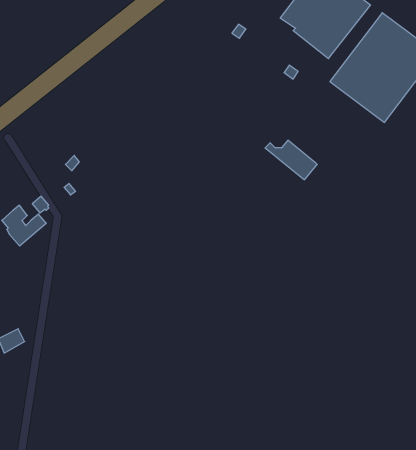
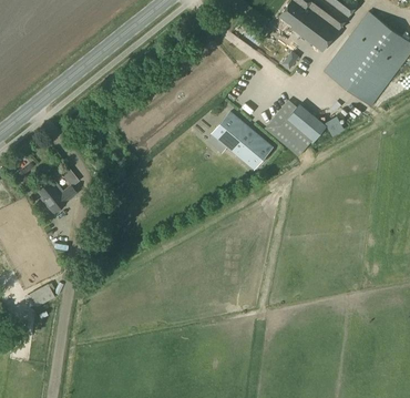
building: none -> [286,104,326,144]
building: none -> [213,112,275,171]

